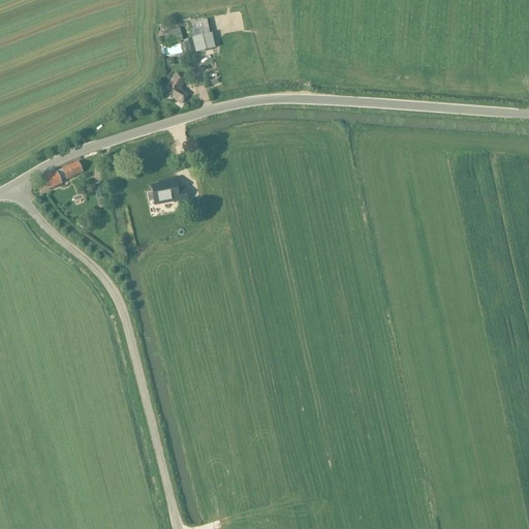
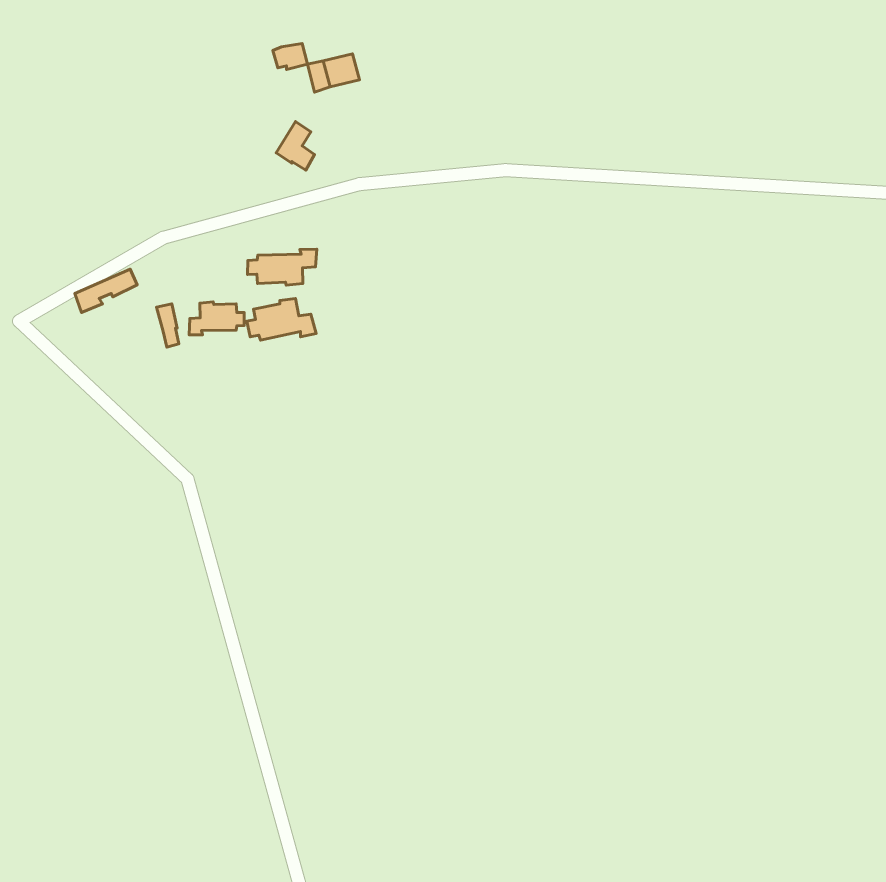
building: none -> [248,249,317,285]
building: none -> [189,302,244,335]

